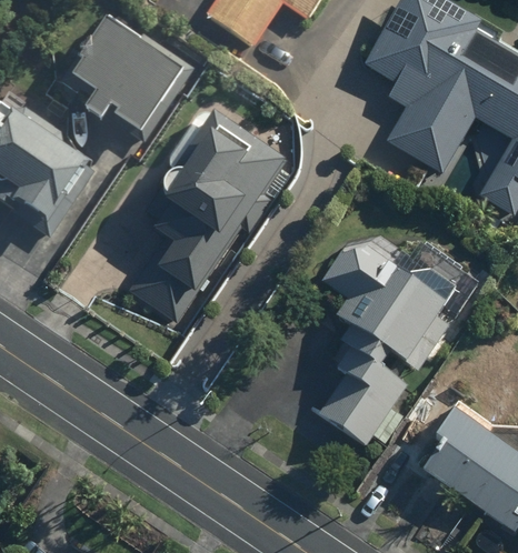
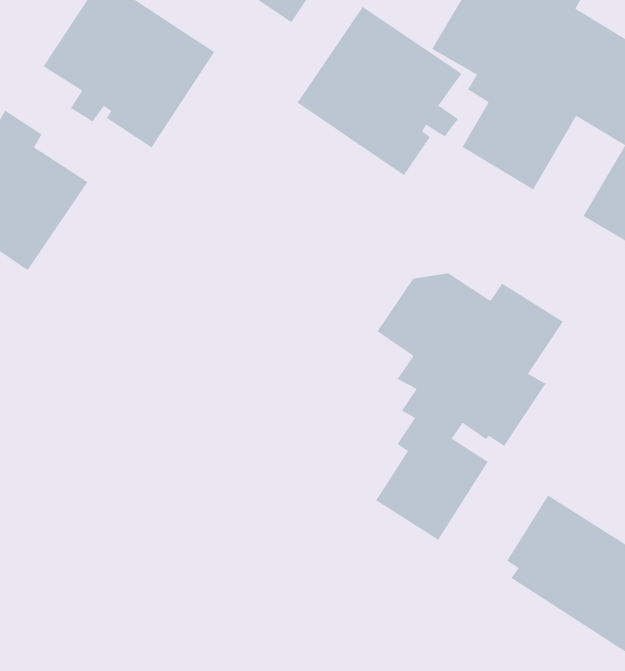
building: none -> [297,6,462,176]
building: [132,112,286,319] -> none

